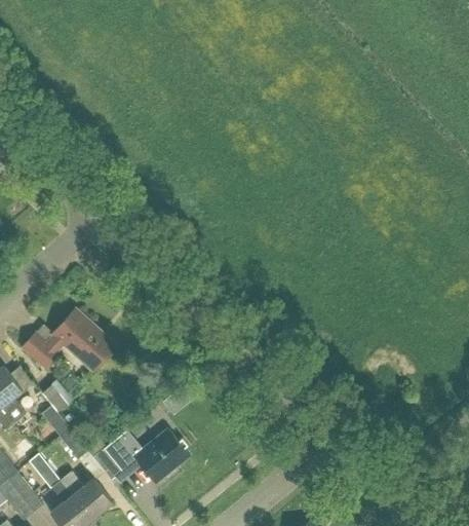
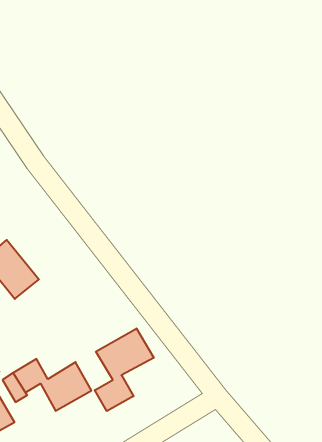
building: none -> [95,328,154,411]

